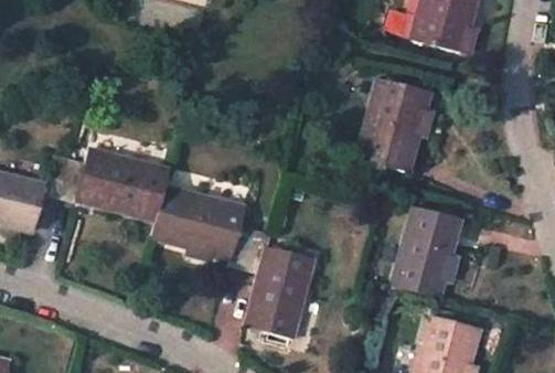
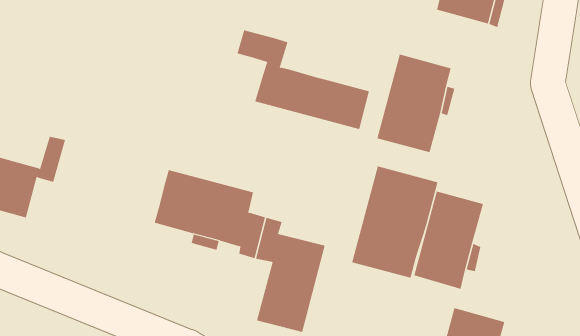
building: none -> [237,30,370,130]
building: [61,150,170,220] -> none
building: none -> [351,166,438,279]

